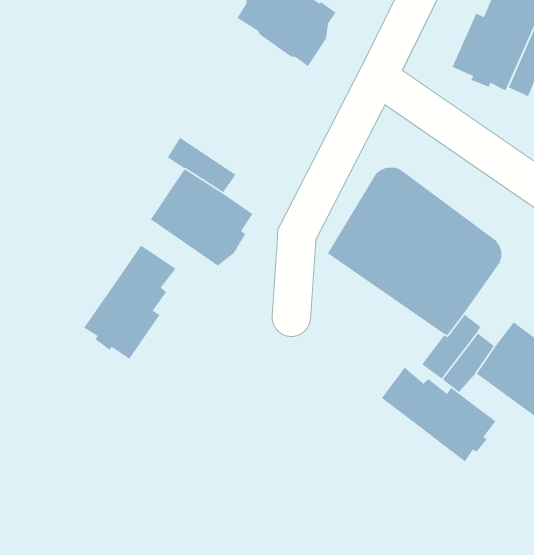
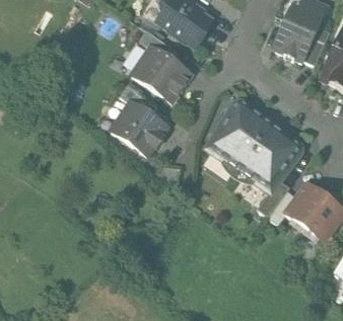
building: none -> [131,46,189,100]
building: [83,244,176,360] -> none
building: [381,367,496,462] -> none

